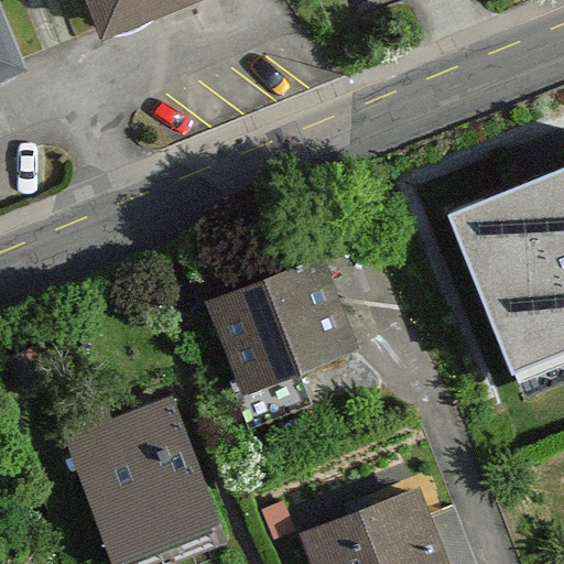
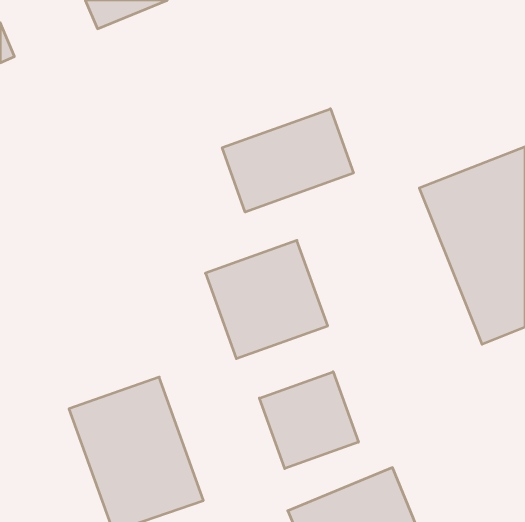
building: none -> [222,109,353,212]
building: none -> [259,372,358,469]

